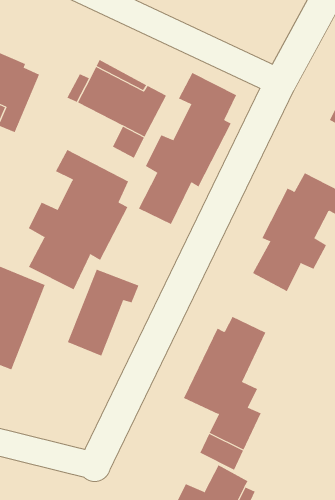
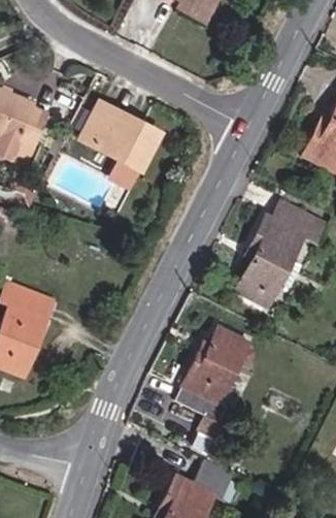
building: [138,72,237,225] -> none
building: [28,149,129,290] -> none
building: [67,269,139,357] -> none

